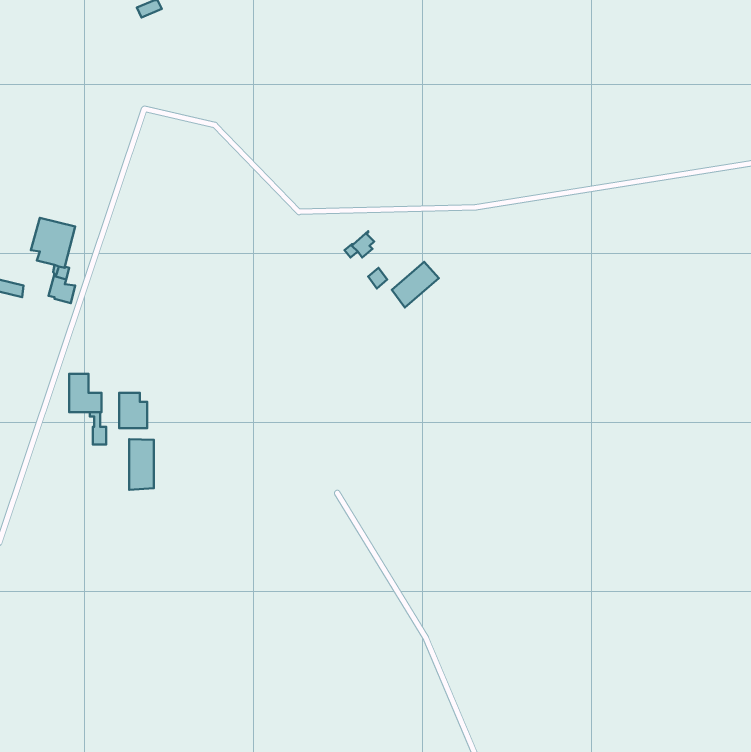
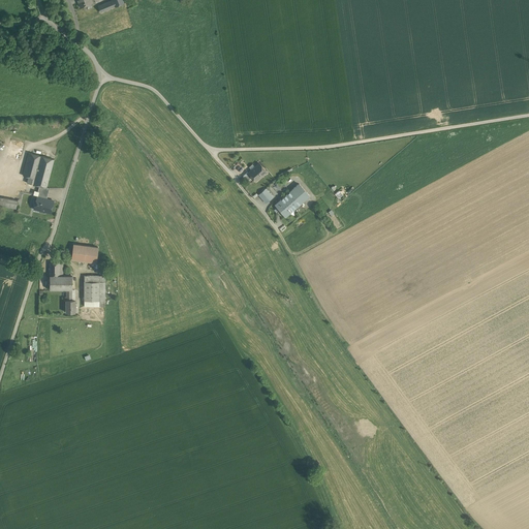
building: none -> [70,244,97,262]
building: [129,439,154,490] -> none

